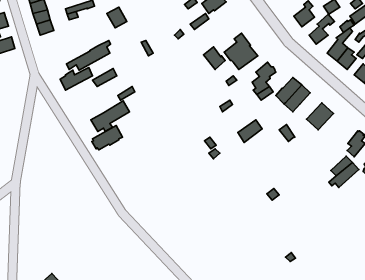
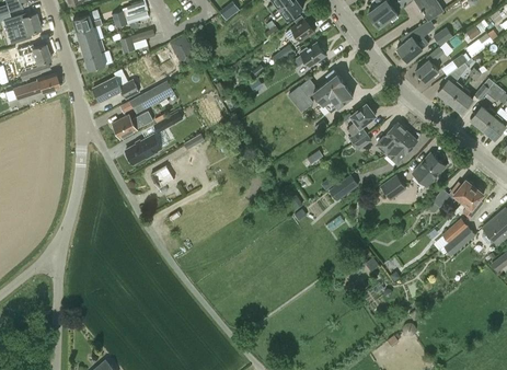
building: none -> [293,43,326,67]
building: none -> [93,77,140,102]
building: none -> [433,180,475,207]
building: [92,125,122,150] -> [125,135,162,164]

